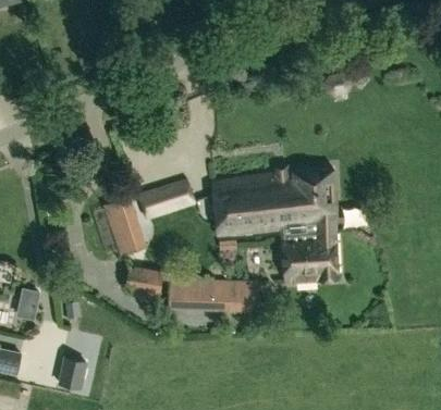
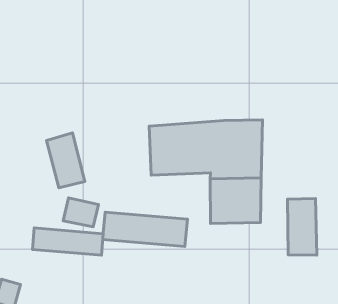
building: [136,178,194,216] -> none
building: none -> [287,198,317,255]
building: none -> [32,228,103,255]

